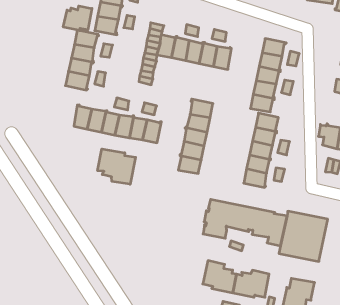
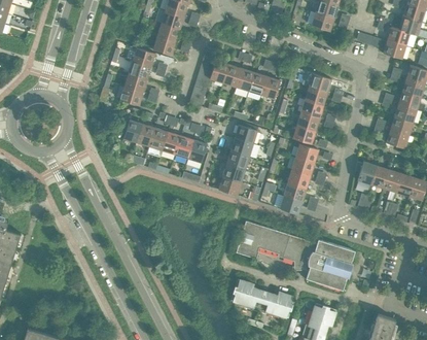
building: [63,6,92,31] -> none
building: [98,149,136,184] -> none

